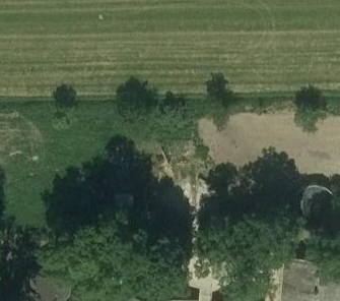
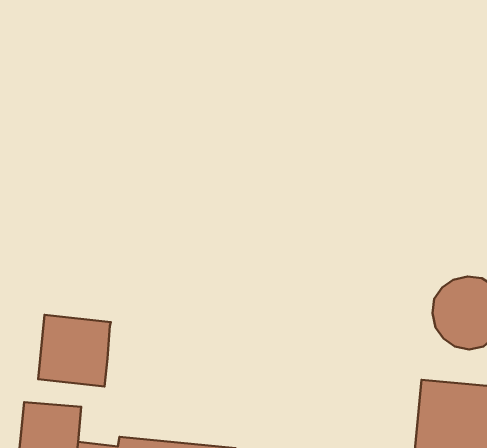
building: none -> [38,315,111,387]

